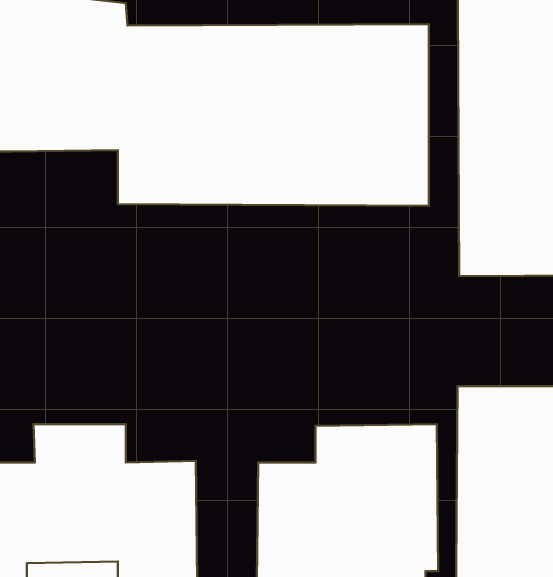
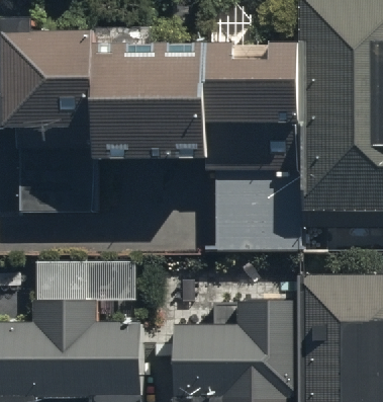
building: none -> [21,128,90,211]

